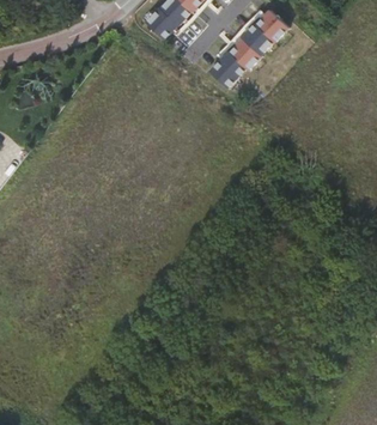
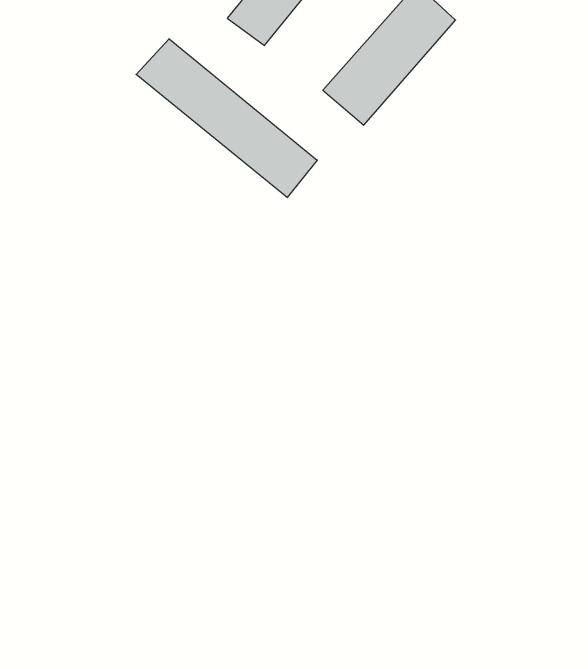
building: none -> [136,39,317,198]

